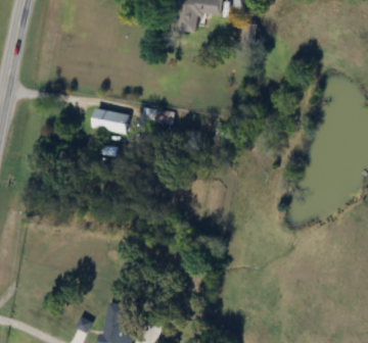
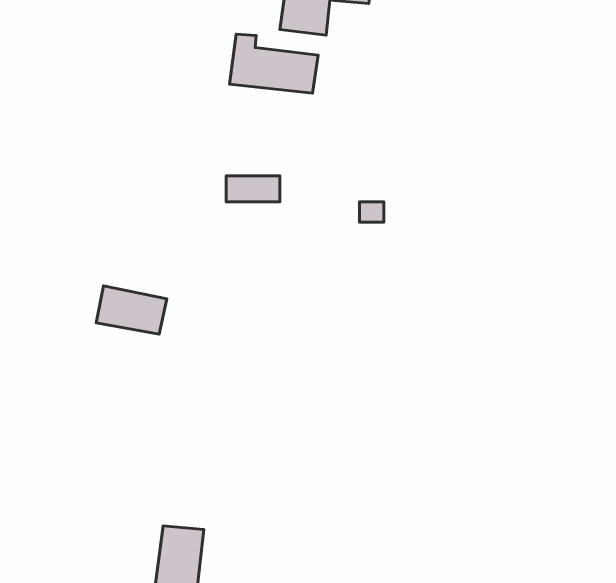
building: none -> [229,34,318,93]
building: [91,108,130,135] -> [96,286,167,334]

